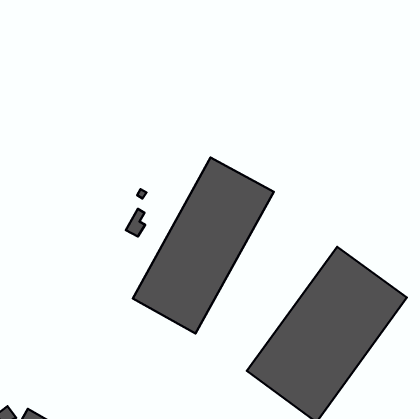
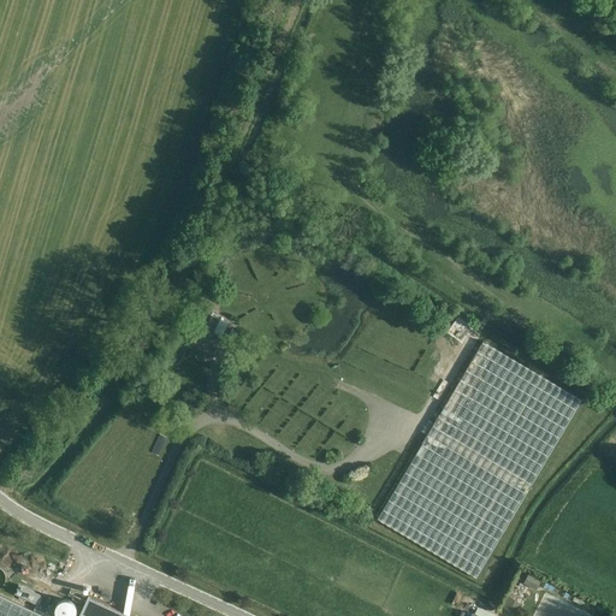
building: [133,157,274,333] -> none

